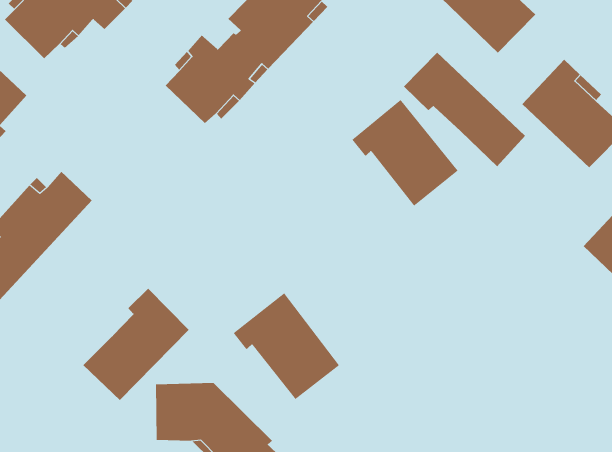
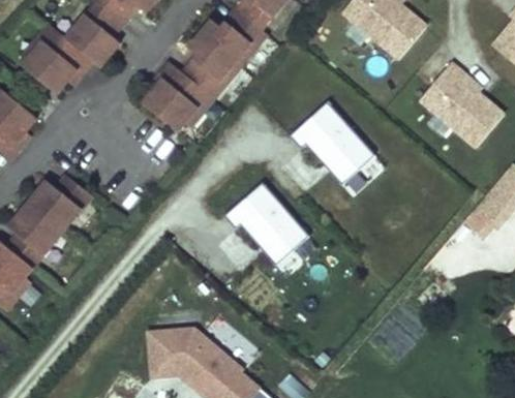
building: [403,52,526,167] -> none
building: [82,288,190,401] -> none
building: [233,293,340,400] -> [225,182,310,265]

